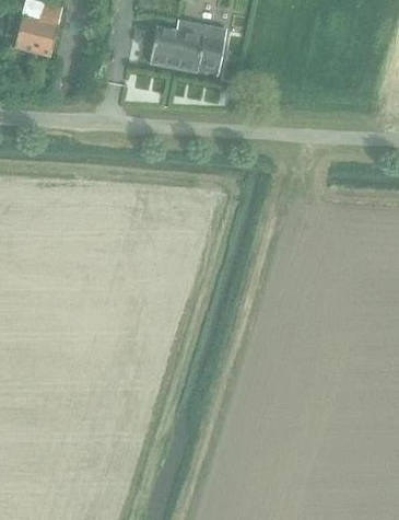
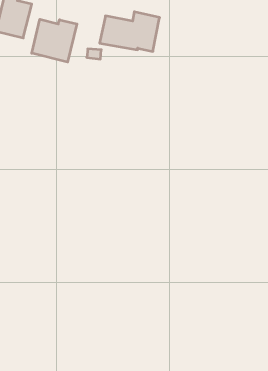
building: none -> [32,19,77,62]

